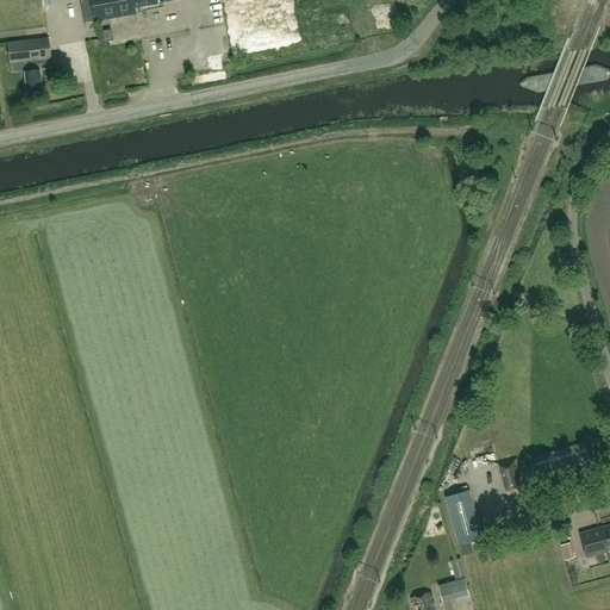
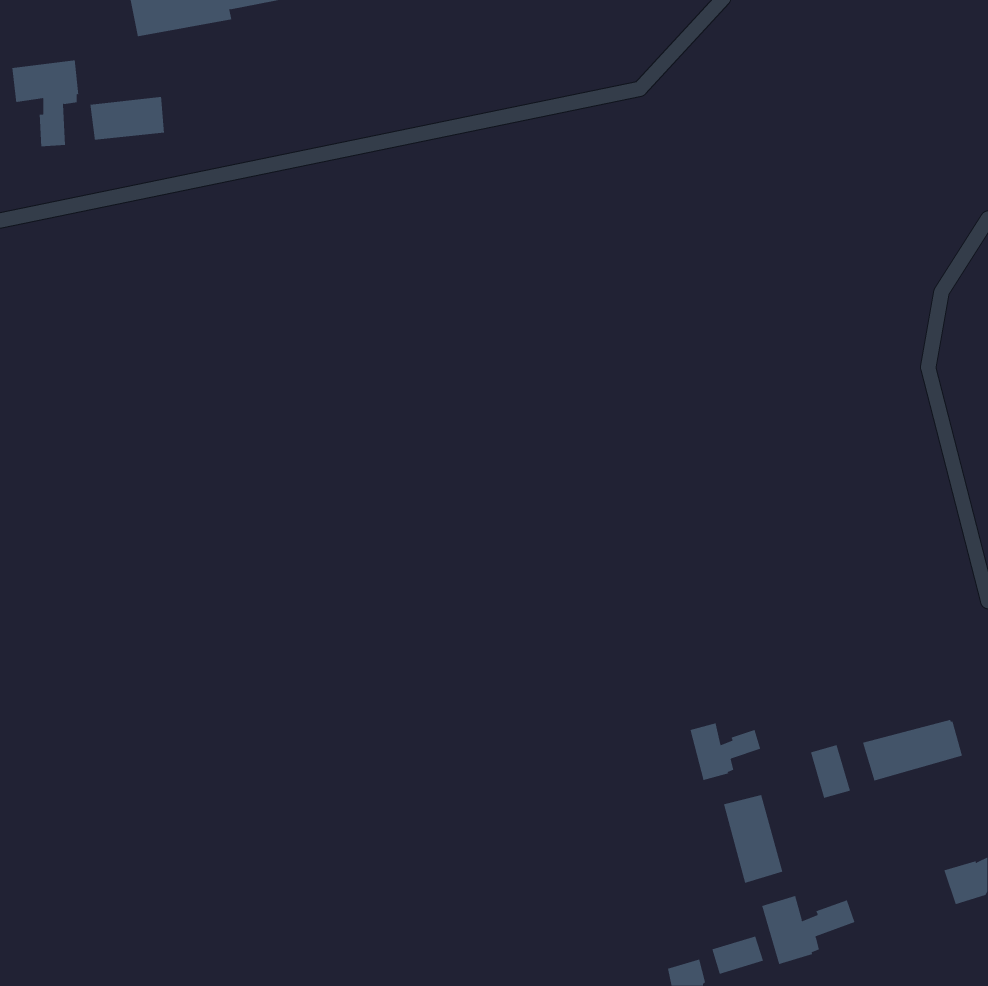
building: none -> [90,96,164,141]
building: none -> [690,723,761,781]
building: none -> [761,895,855,965]

